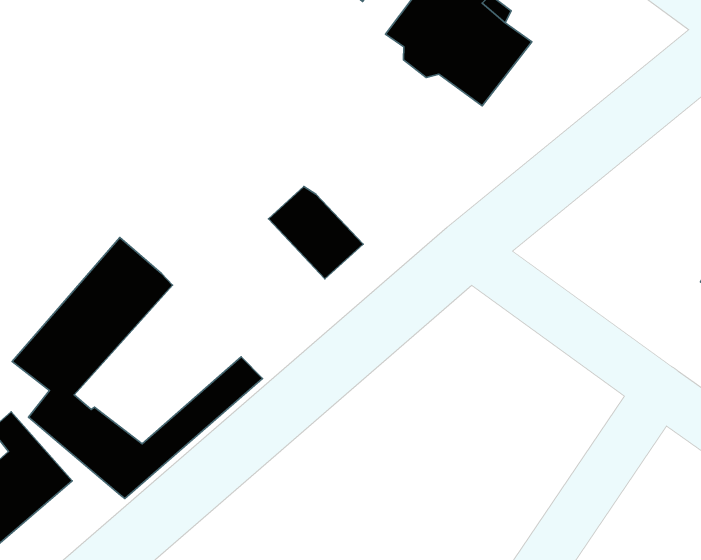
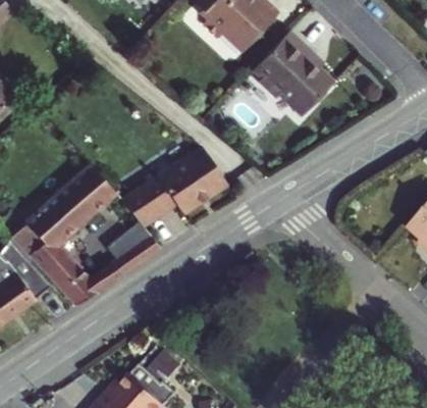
building: none -> [123,163,200,227]

